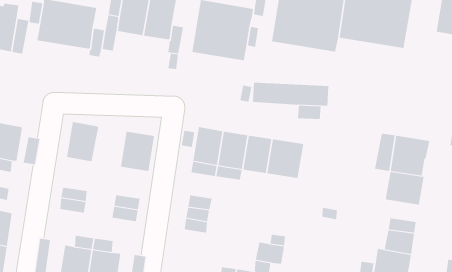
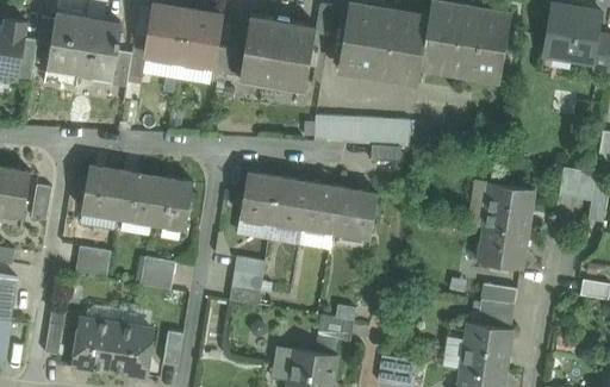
building: none -> [116,171,157,221]

